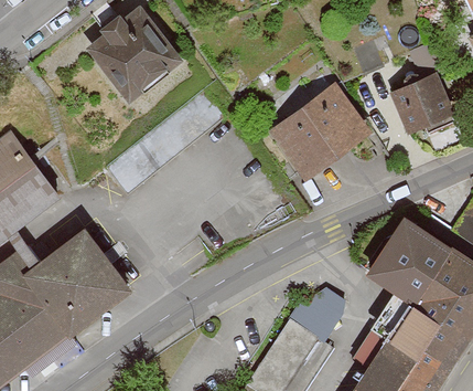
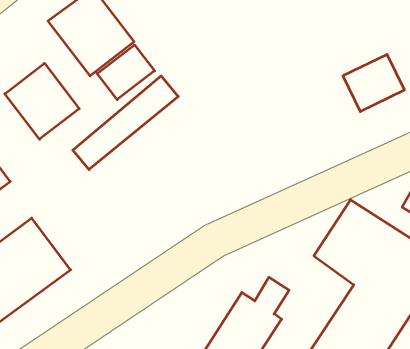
building: none -> [97,45,155,100]
building: none -> [5,63,79,139]
building: [277,85,372,176] -> none

